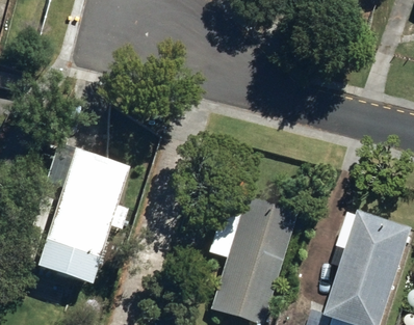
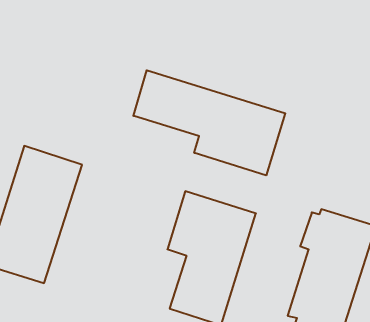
building: none -> [133,70,285,175]

